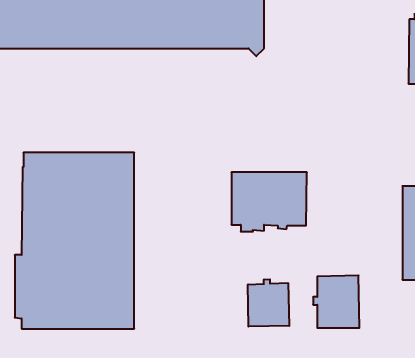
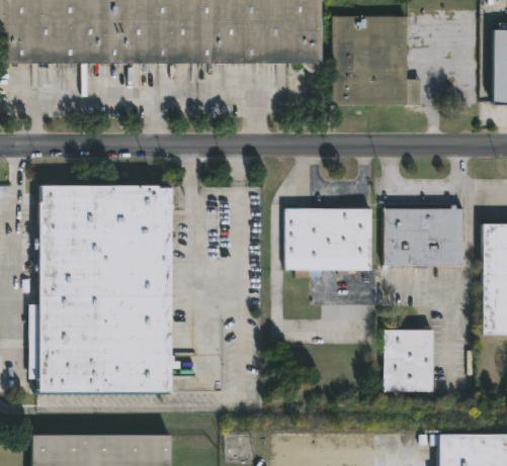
building: none -> [333,15,421,105]
building: none -> [386,204,466,267]
building: [248,279,289,327] -> none

